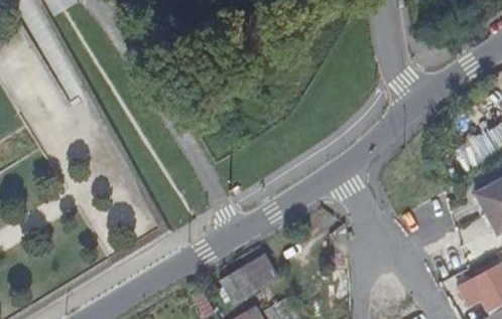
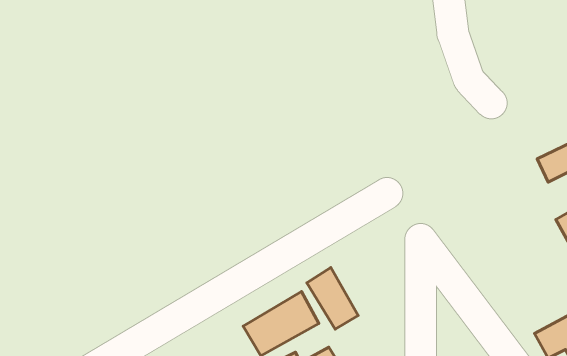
building: none -> [307,268,358,329]

